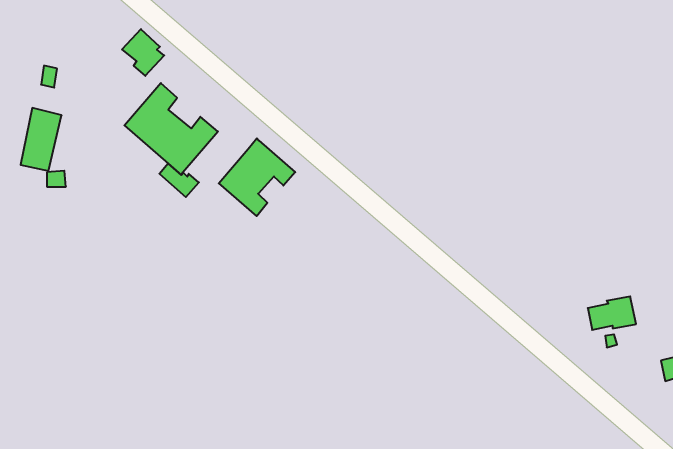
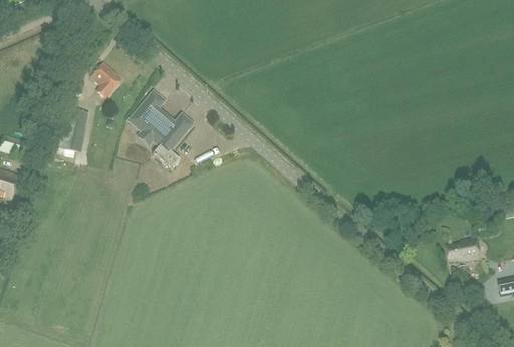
building: [122,29,164,76] -> [92,61,121,93]
building: [219,138,295,216] -> none

